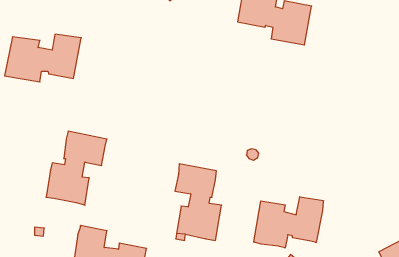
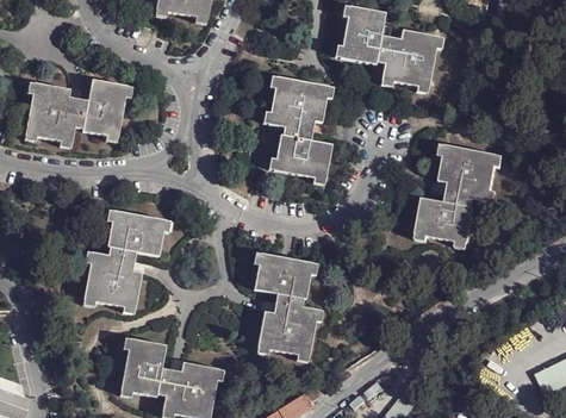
building: none -> [268,77,331,181]
building: none -> [416,148,497,244]
building: [254,197,323,248] -> none

